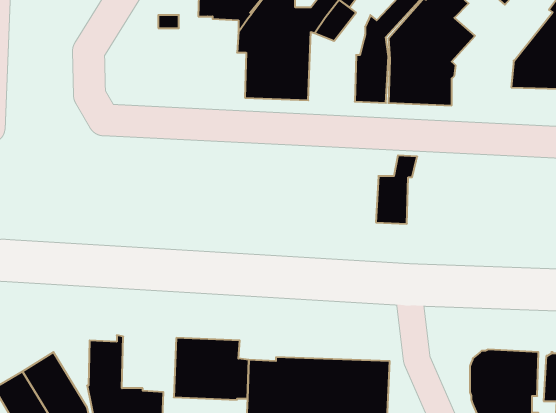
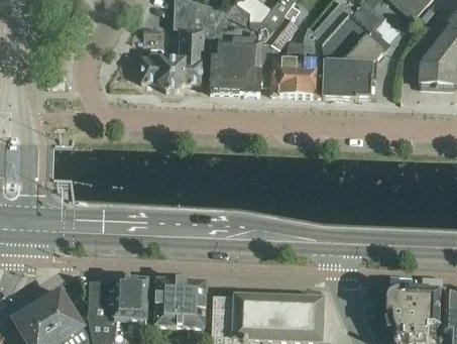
building: none -> [141,28,205,90]
building: [376,155,417,224] -> [271,41,304,95]
building: none -> [114,278,147,322]

